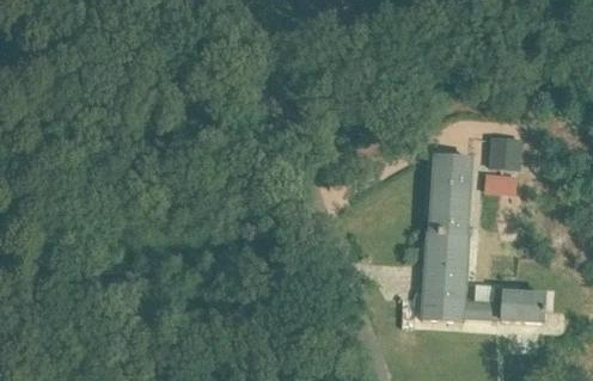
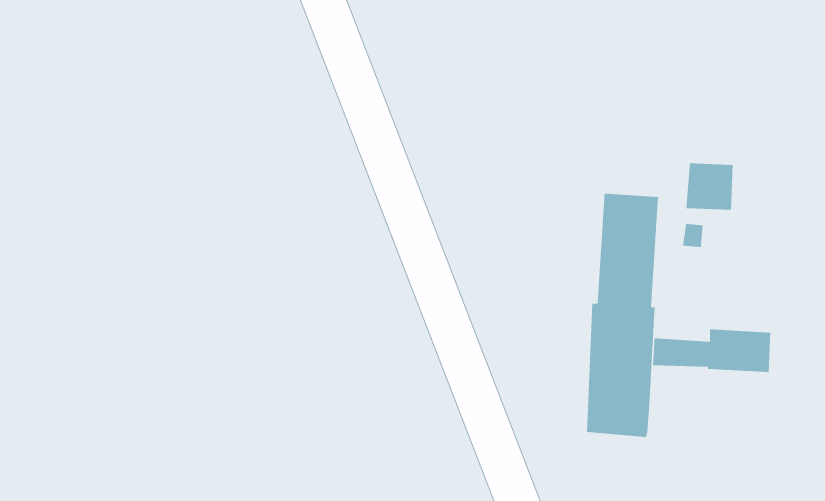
building: [464,290,544,320] -> [652,329,771,373]

